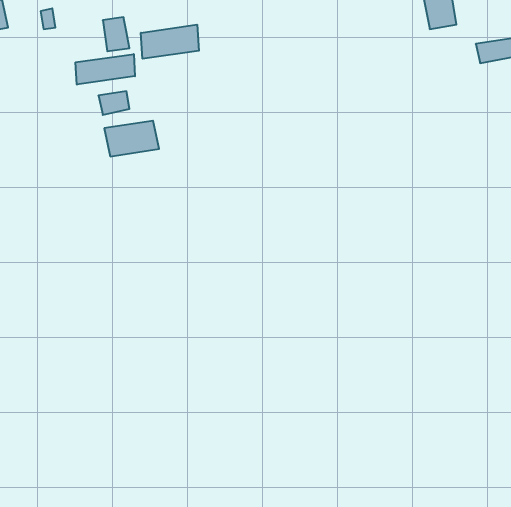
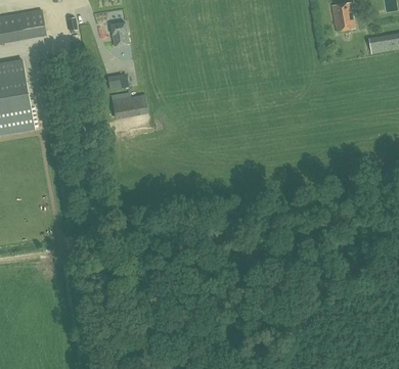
building: [141,25,199,59] -> none
building: [76,54,135,85] -> none

